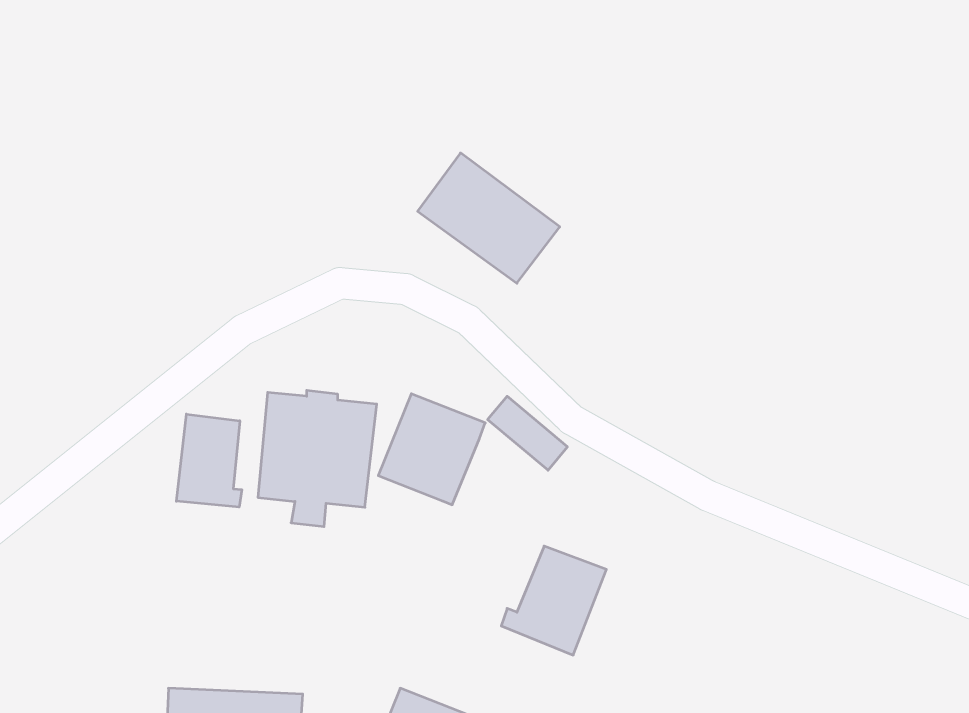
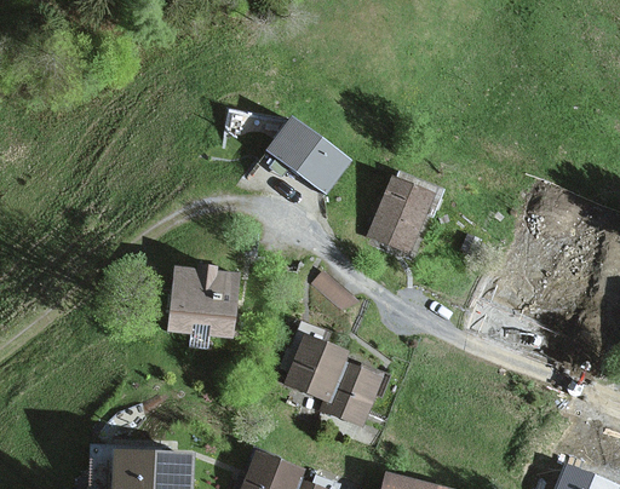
building: none -> [367,176,436,254]
building: [378,394,485,505] -> [282,333,349,402]
building: [176,414,242,507] -> none

